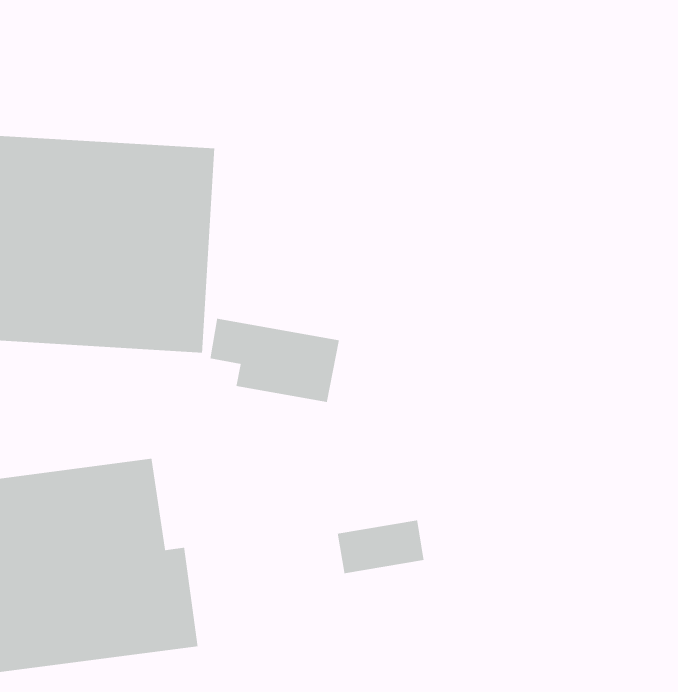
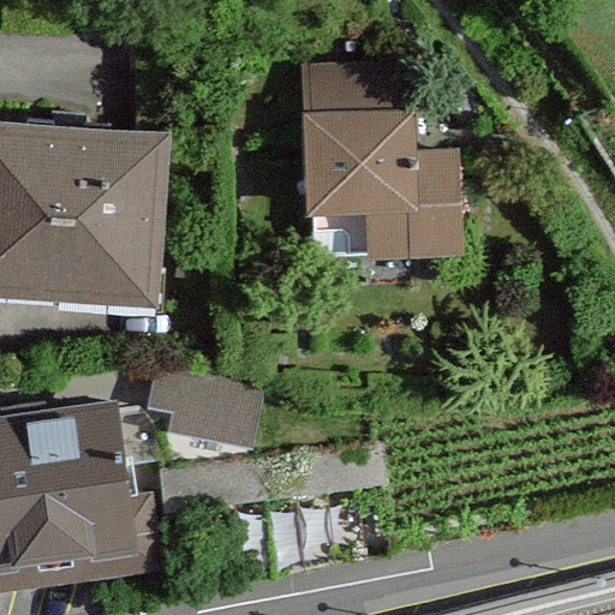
building: none -> [304,58,474,264]
building: [210,318,340,403] -> [151,370,265,444]

